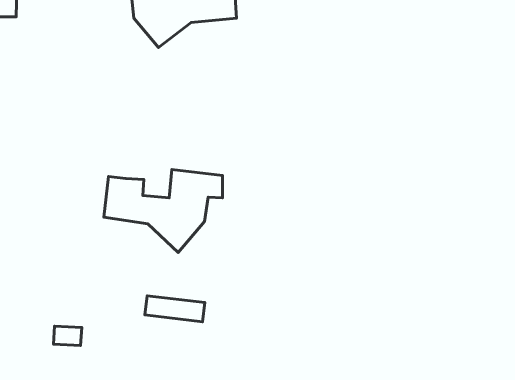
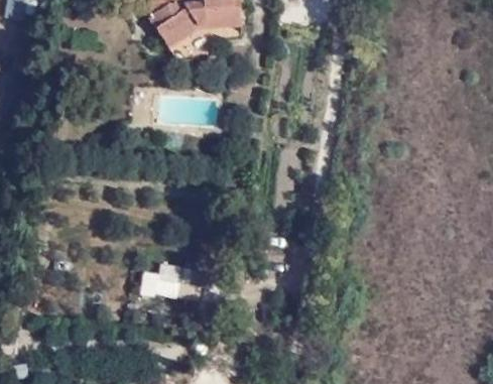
building: [104,170,223,252] -> none

